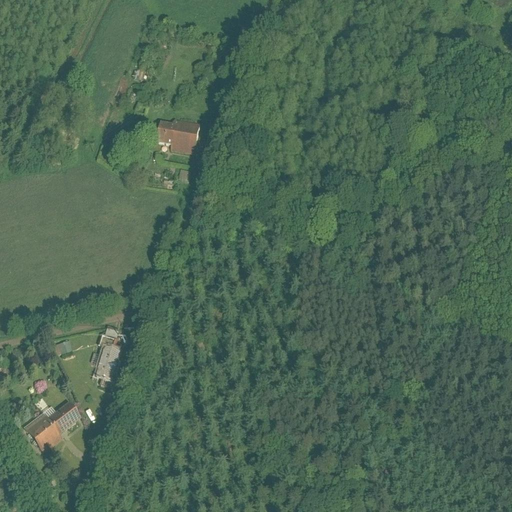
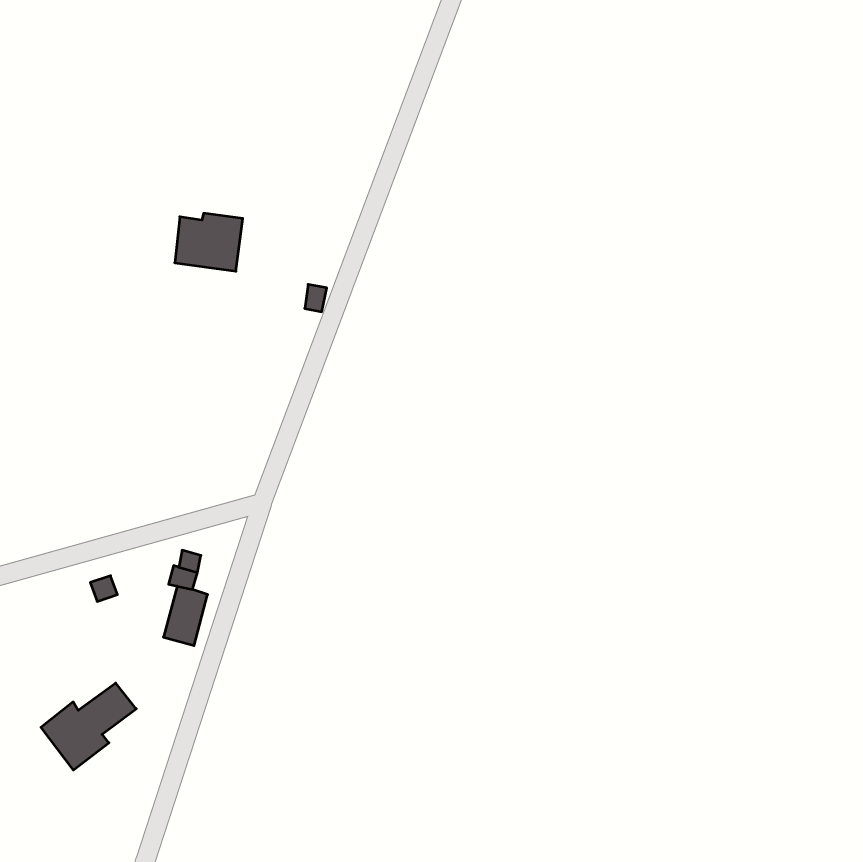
building: [158,118,198,152] -> [175,213,243,271]

